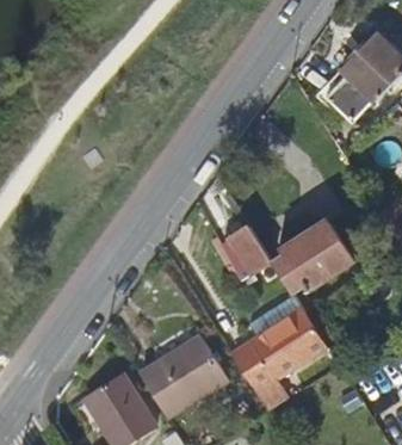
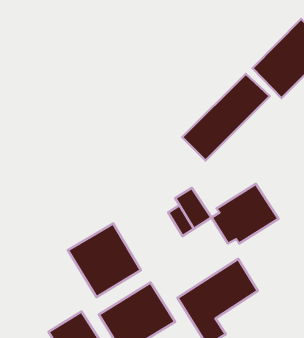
building: none -> [182,74,270,160]
building: none -> [68,223,141,297]

